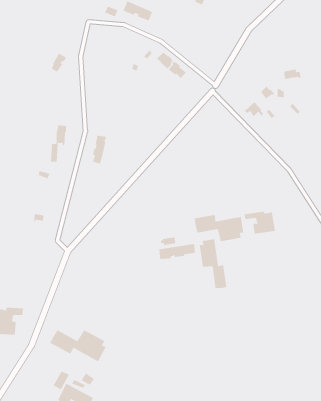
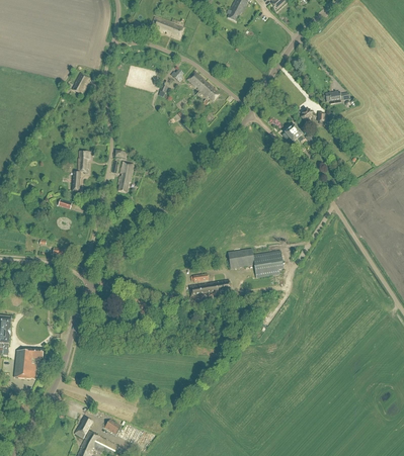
building: [244,211,276,235] -> none
building: [199,238,227,289] -> none
building: [50,329,106,362] -> none

